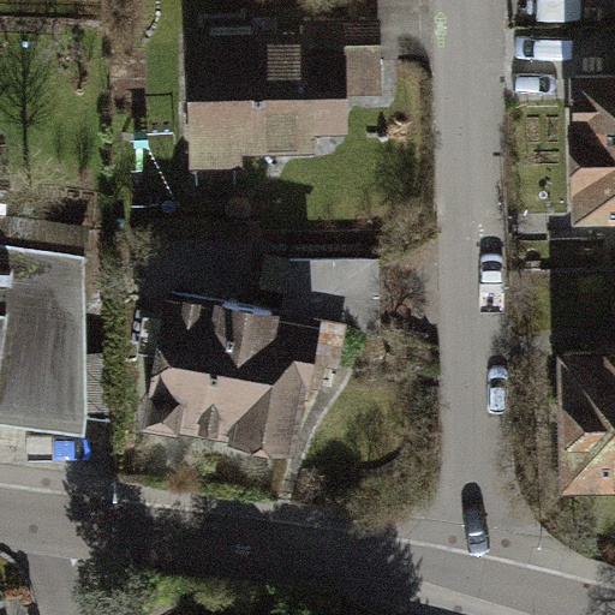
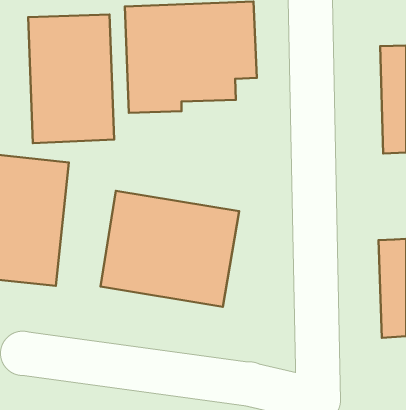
building: none -> [28,14,114,143]

